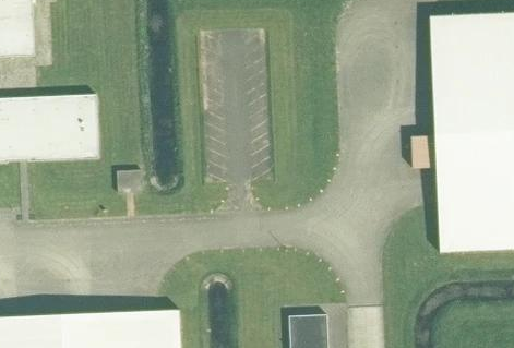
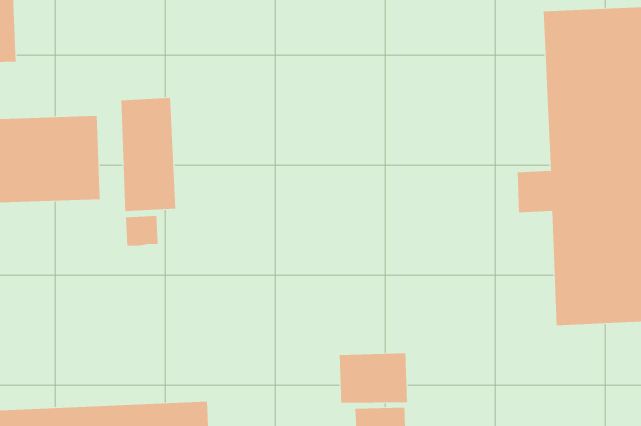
building: none -> [121,97,176,212]
building: none -> [339,352,407,403]

